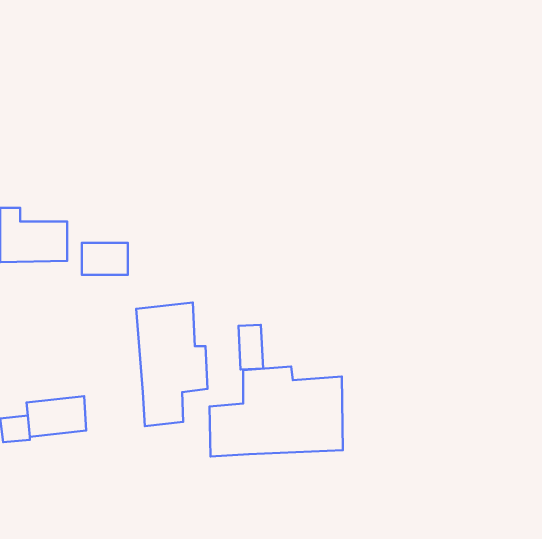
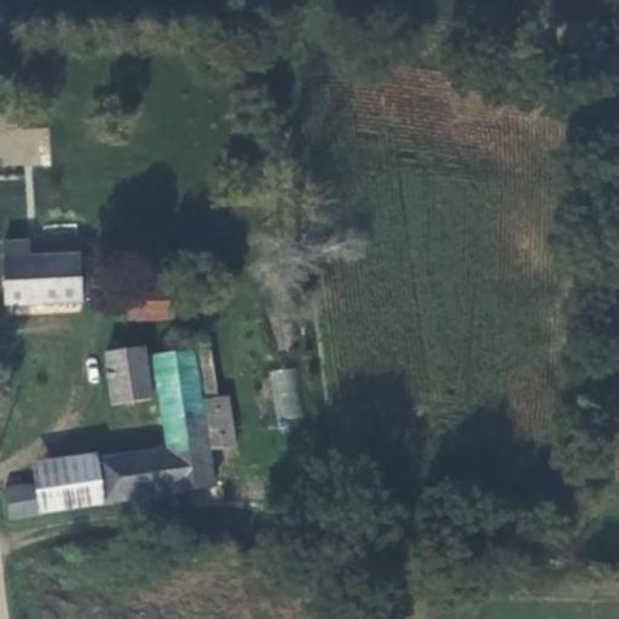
building: none -> [103,346,152,401]
building: [210,366,343,457] -> none
building: none -> [98,451,167,494]

